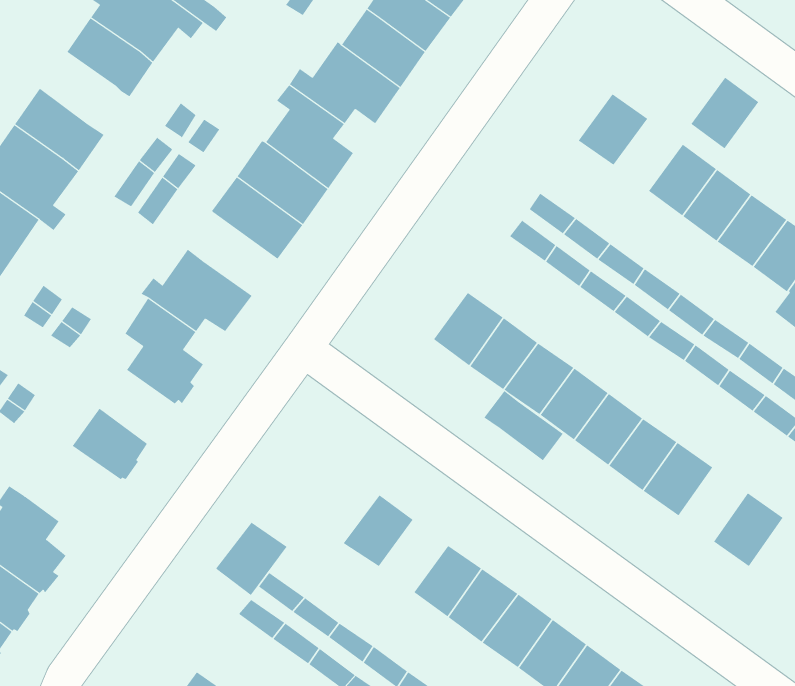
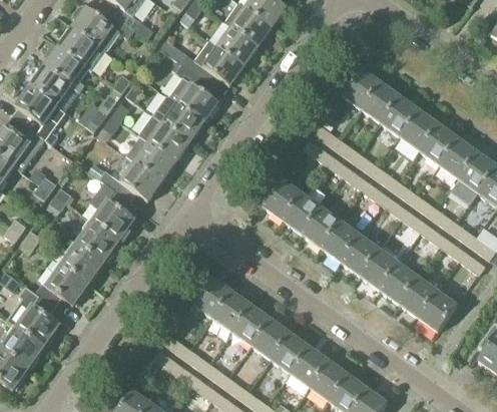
building: none -> [43,43,88,91]
building: [690,77,759,149] -> [362,82,400,122]
building: none -> [125,134,175,180]
building: none -> [76,222,118,263]
building: [484,390,564,461] -> none
building: none -> [35,264,88,306]
building: none -> [398,276,436,317]
building: none -> [231,305,270,345]
building: [215,522,287,596] -> [191,277,231,318]

